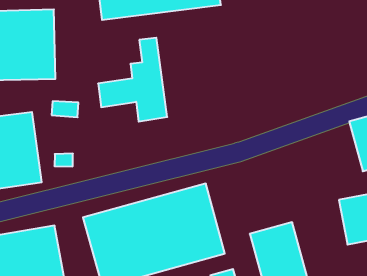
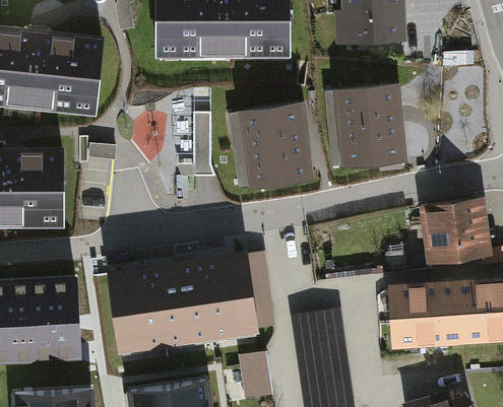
building: none -> [334,83,405,168]
building: none -> [241,105,316,193]

